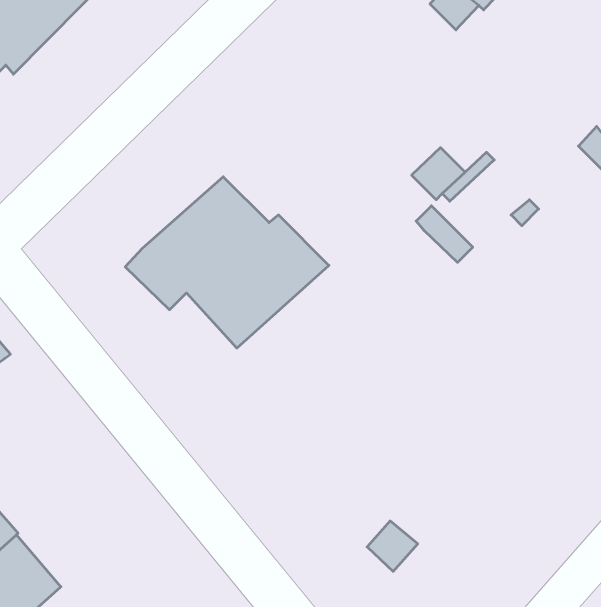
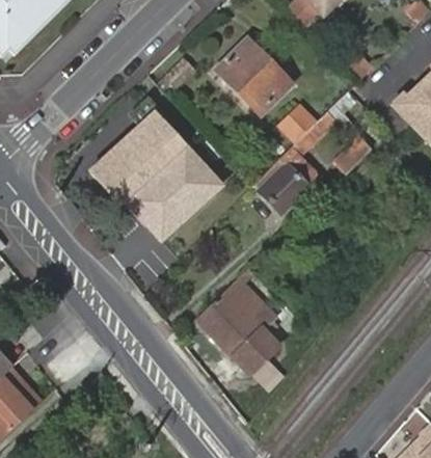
building: none -> [219,41,288,109]
building: none -> [263,161,312,209]
building: none -> [196,277,273,369]

